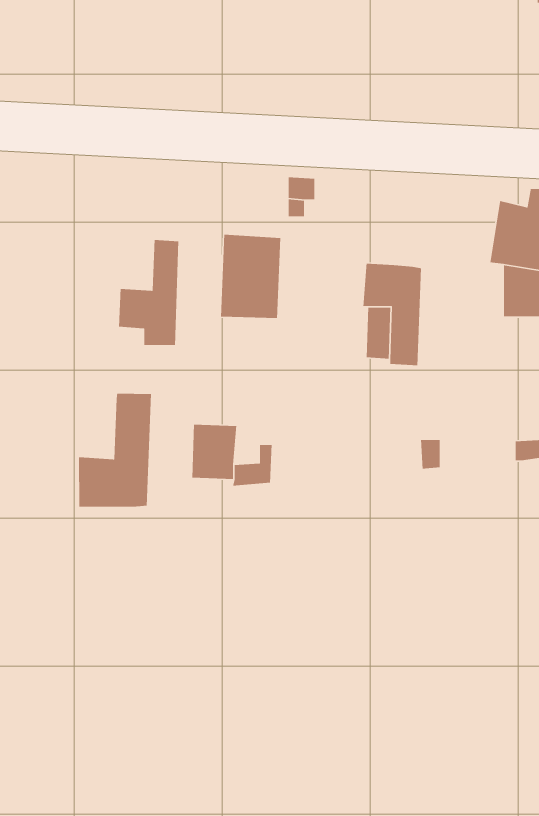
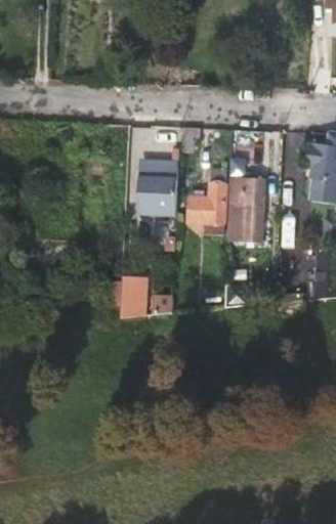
building: [118,239,179,346] -> [187,169,224,233]
building: [78,393,152,508] -> none

